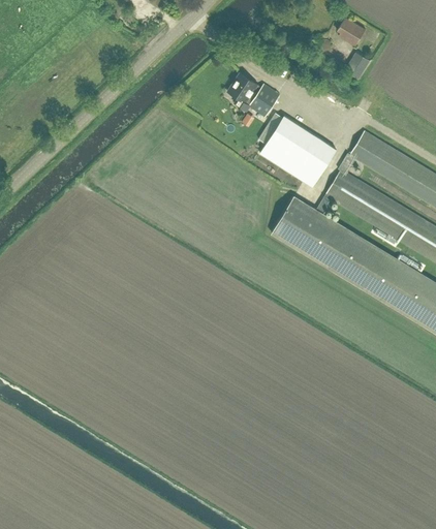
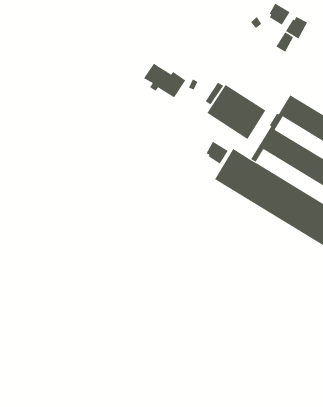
building: none -> [285,16,308,39]
building: [228,73,281,117] -> [143,63,186,98]
building: none -> [206,141,229,164]

